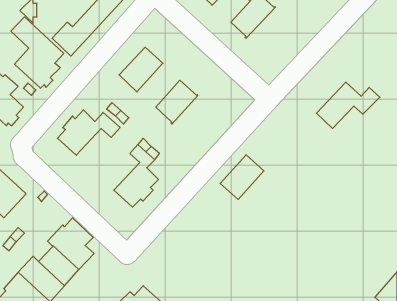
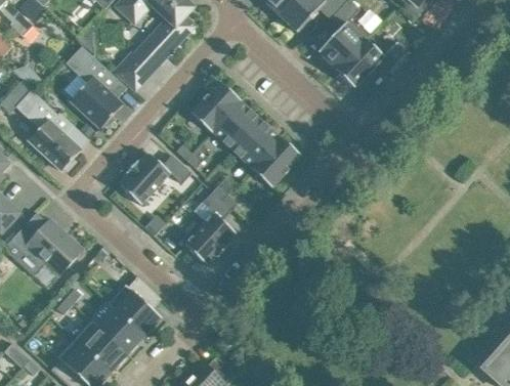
building: none -> [210,99,259,149]
building: [316,82,380,128] -> [335,35,408,88]
building: [220,155,264,199] -> [250,136,300,187]

